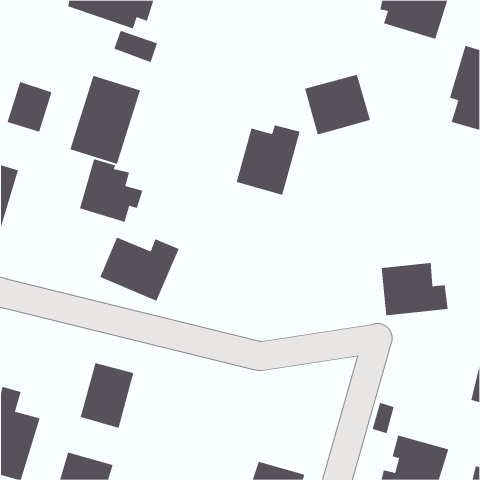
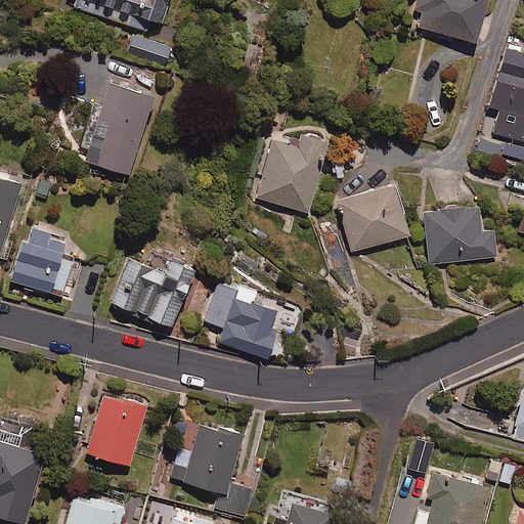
building: [304,74,371,135] -> [337,185,409,252]
building: [7,81,52,132] -> none
building: [79,159,143,222] -> [11,226,81,296]
building: none -> [205,276,277,358]
building: [381,262,448,316] -> [424,206,497,264]
building: none -> [184,426,251,515]

